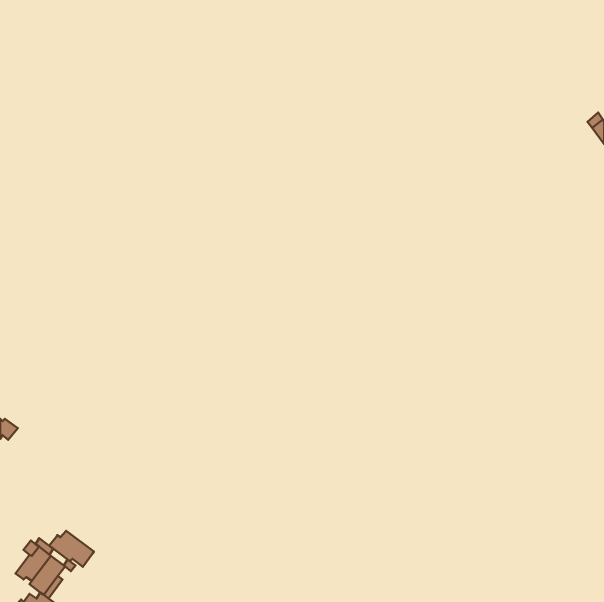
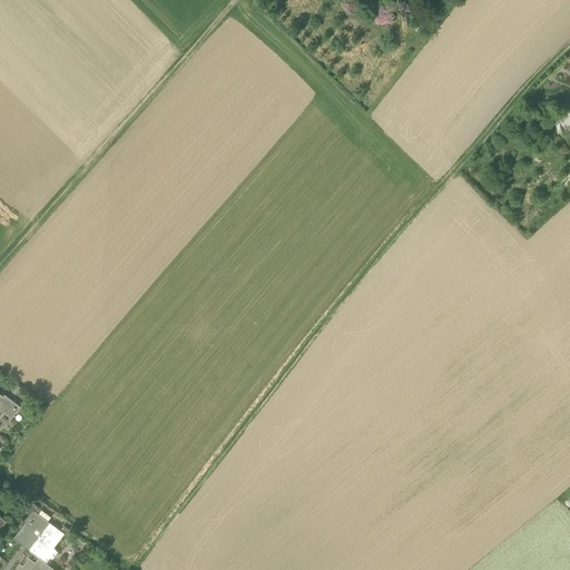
building: [49,531,94,567] -> none

